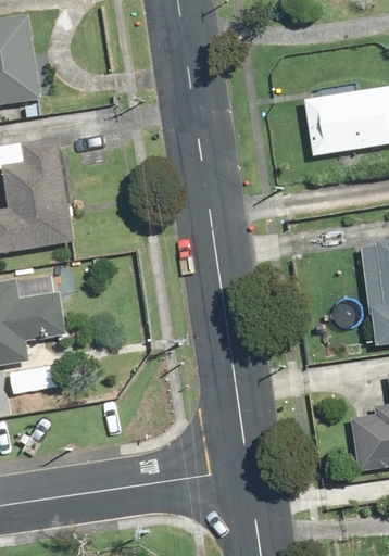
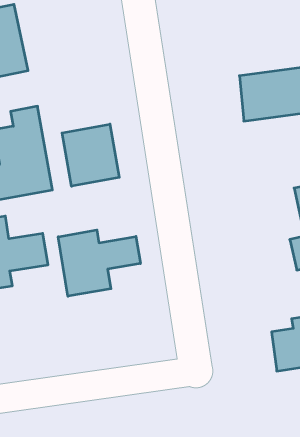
building: none -> [62,124,119,186]
building: none -> [58,230,140,296]

